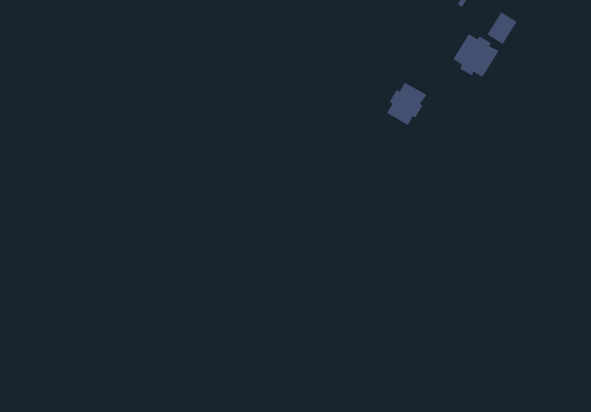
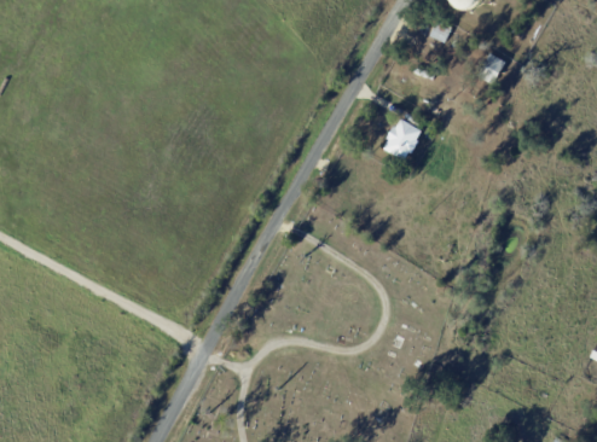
building: [453,33,500,78] -> none

